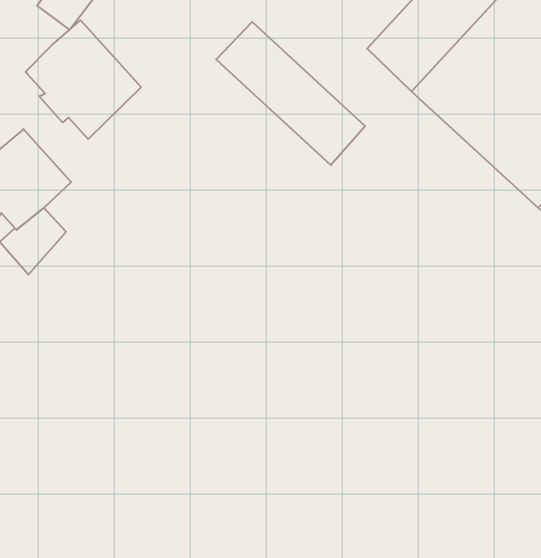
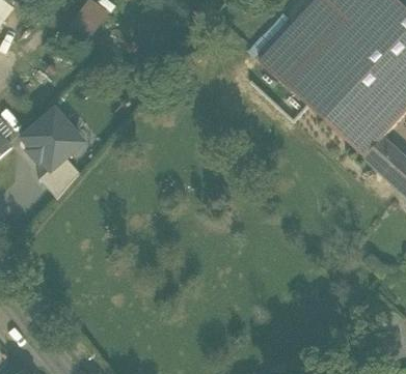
building: [26,20,141,139] -> none
building: [216,22,365,165] -> none

